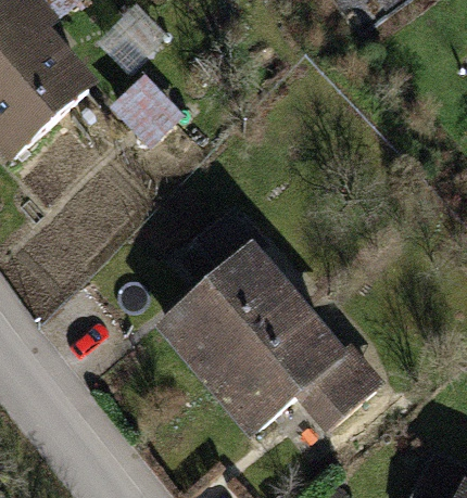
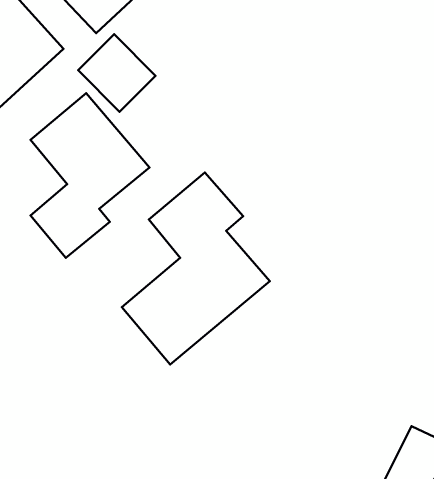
building: none -> [30,93,150,258]
building: [201,305,384,443] -> none

